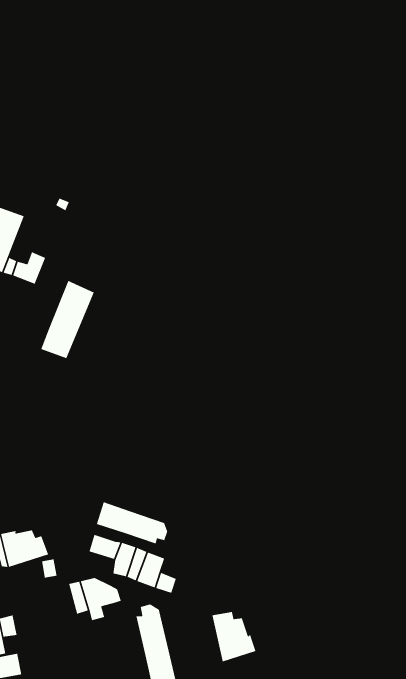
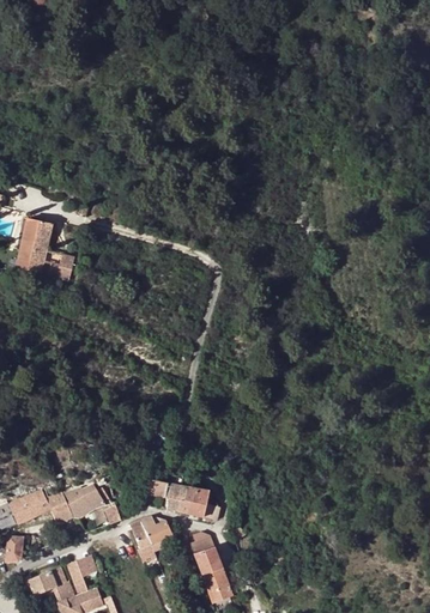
building: [40,280,95,359] -> none
building: [96,501,168,545] -> none
building: [212,611,256,663] -> none

